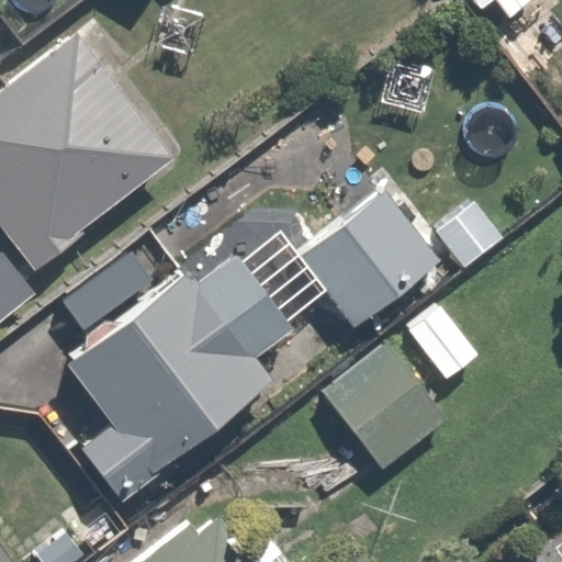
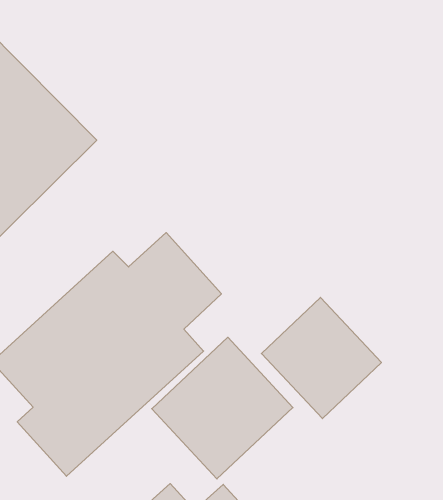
building: [292,192,439,335] -> none
building: none -> [152,337,293,479]

